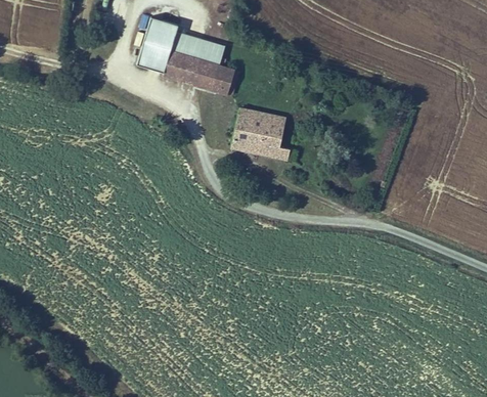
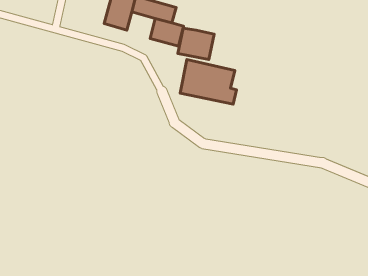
building: [164,50,200,83] -> none
building: none -> [178,28,214,59]

